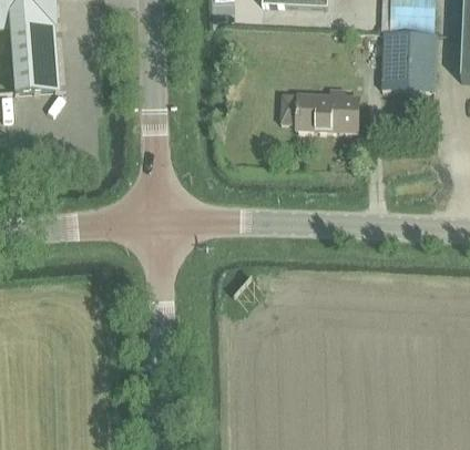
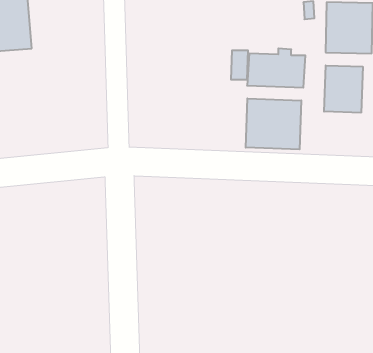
building: none -> [324,65,363,113]
building: none -> [246,98,301,149]

